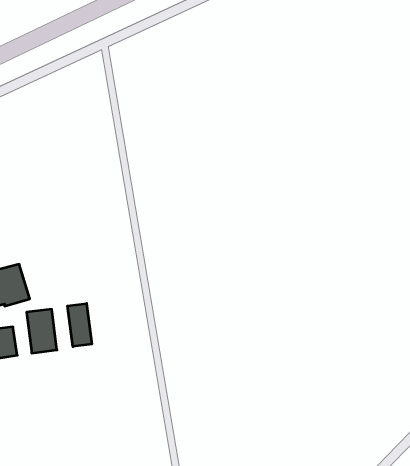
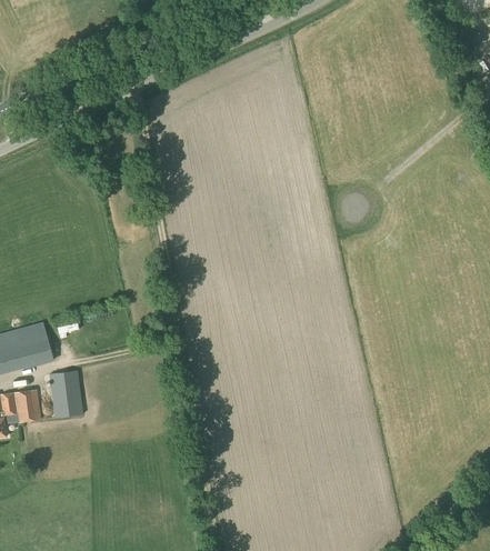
building: [68,303,92,347] -> none

